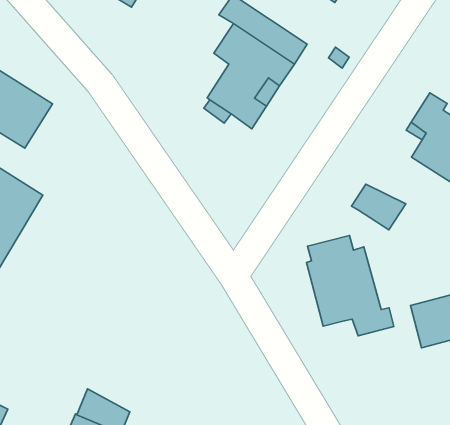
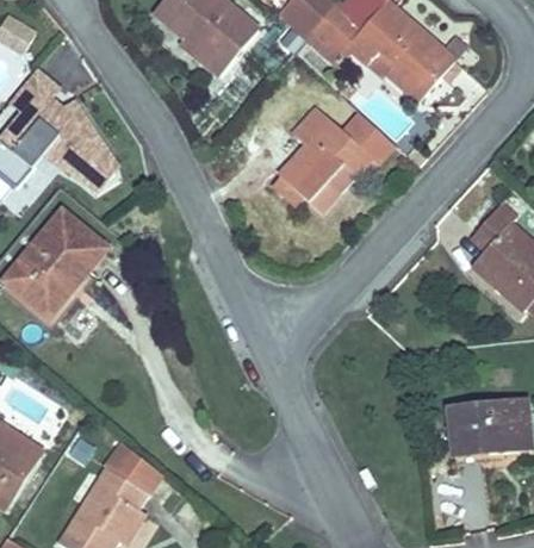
building: [352,184,406,230] -> none
building: [307,236,394,336] -> none

